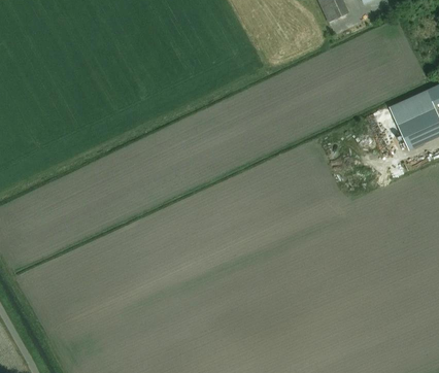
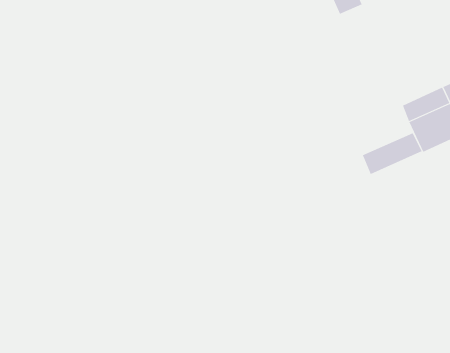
building: none -> [362,133,422,175]

